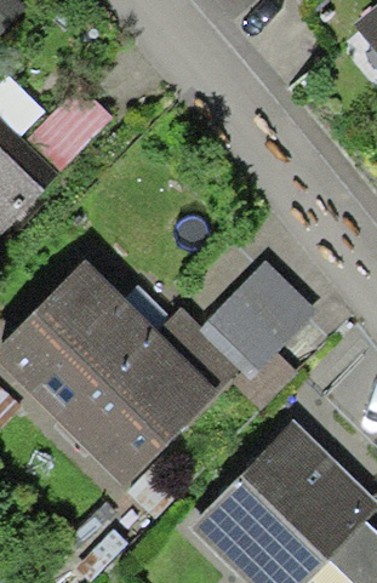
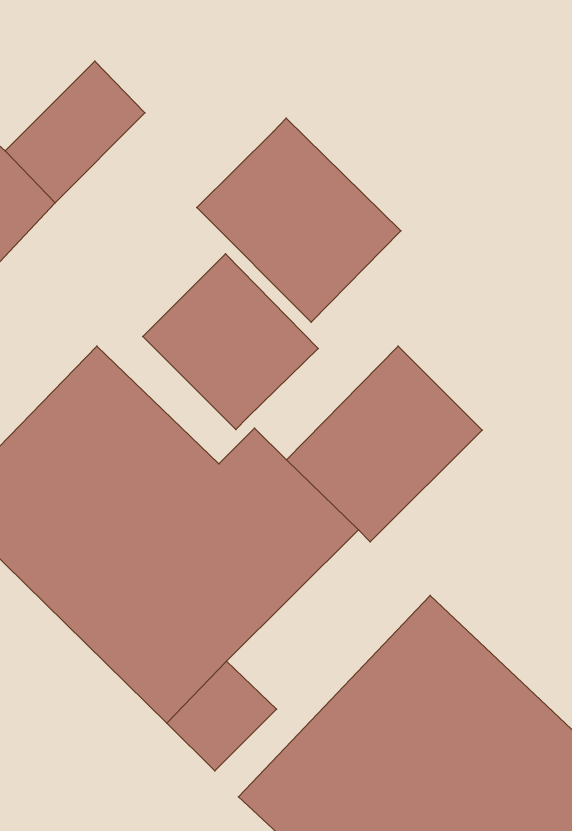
building: none -> [197,118,401,322]
building: none -> [143,254,318,429]

